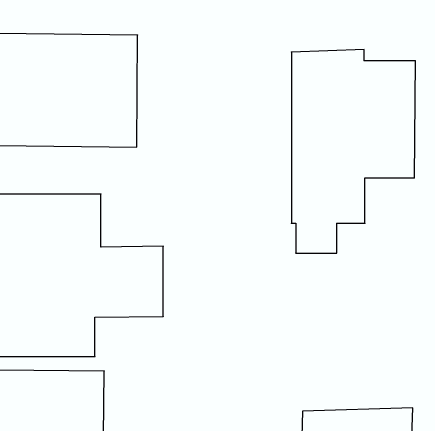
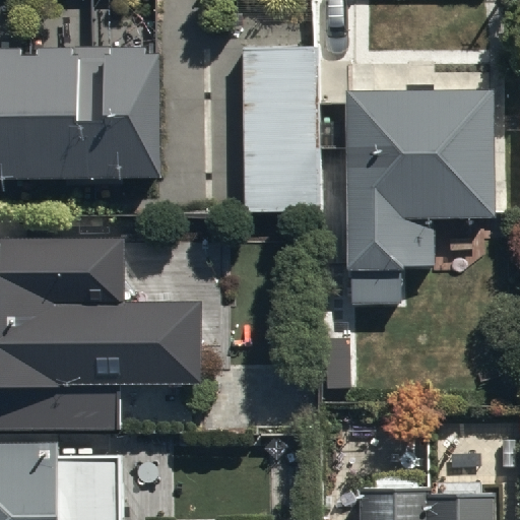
building: none -> [241,52,319,212]

